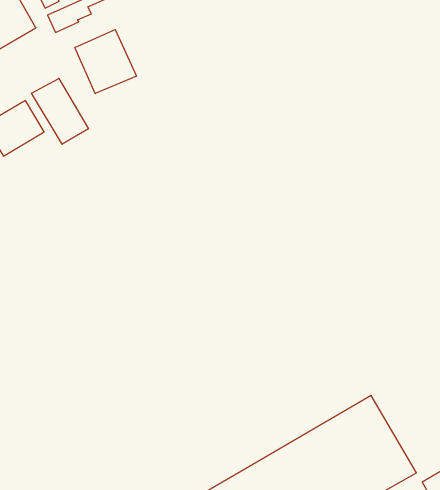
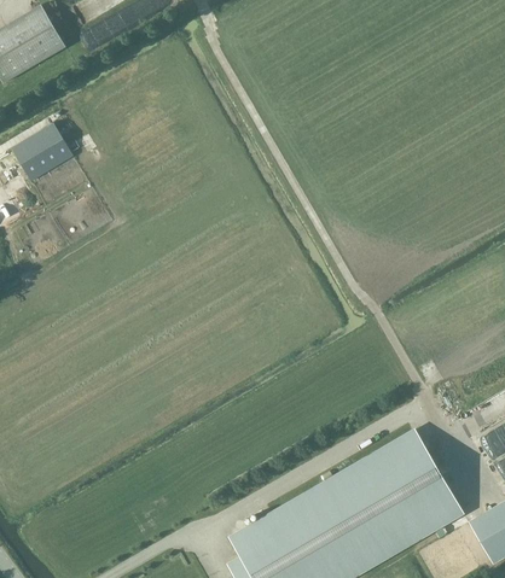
building: [75,30,136,94] -> none
building: [32,78,88,144] -> none

